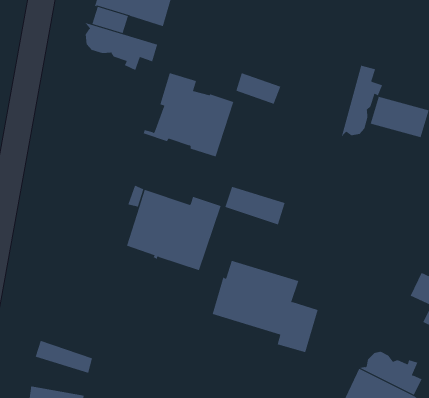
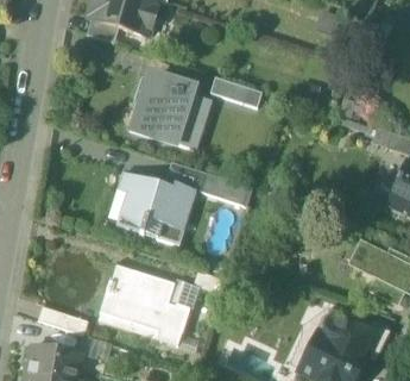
building: [84,22,158,71] -> none
building: [341,65,383,138] -> none
building: [212,260,318,353] -> [100,263,191,343]

